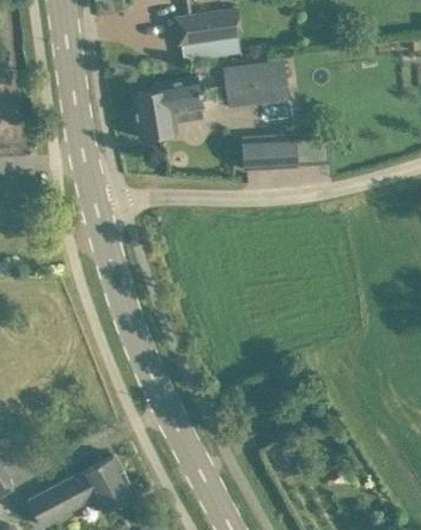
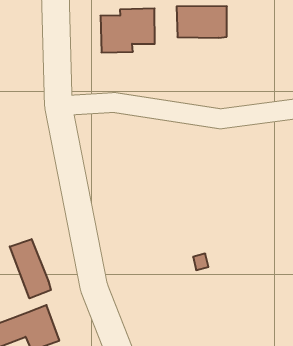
building: [242,134,295,169] -> none
building: none -> [10,239,51,298]

